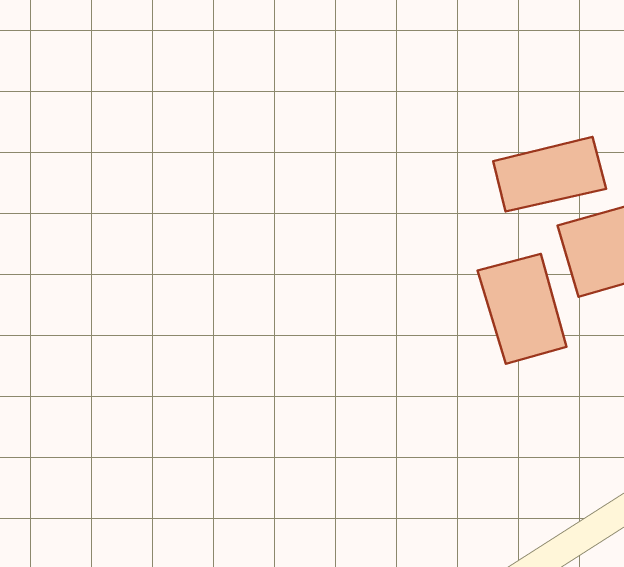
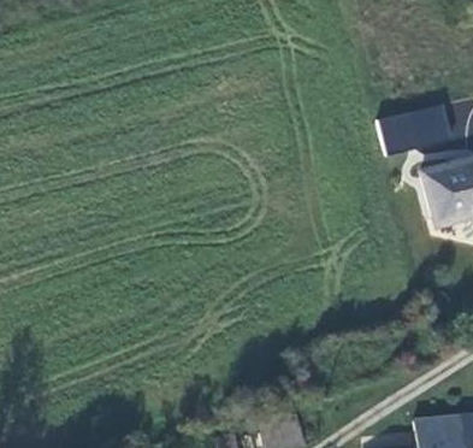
building: [478,254,566,364] -> none

